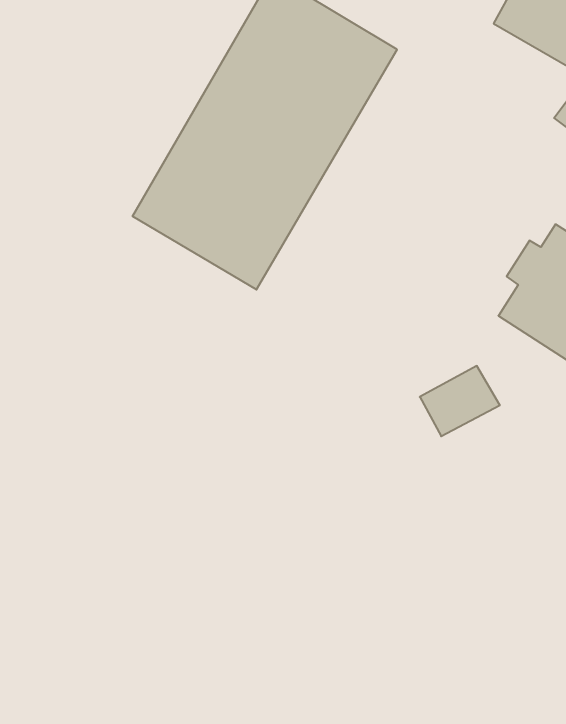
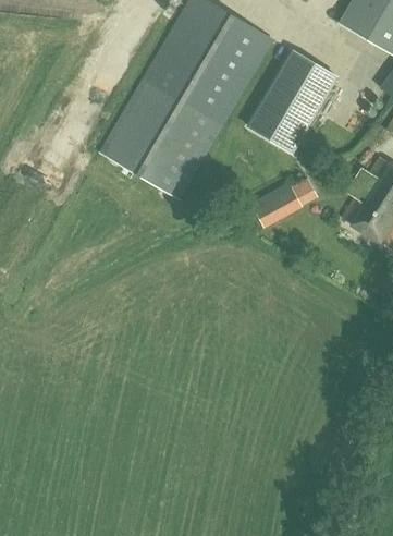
building: none -> [246,50,337,155]
building: [420,366,500,436] -> [249,181,303,228]

